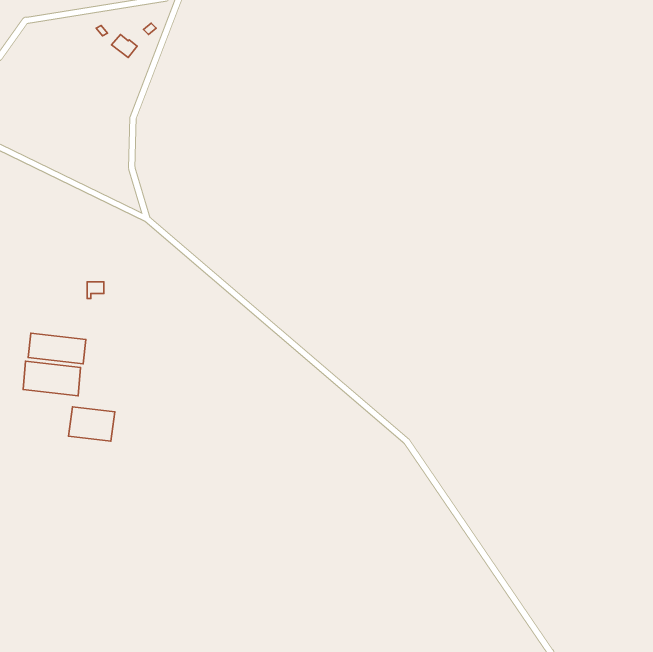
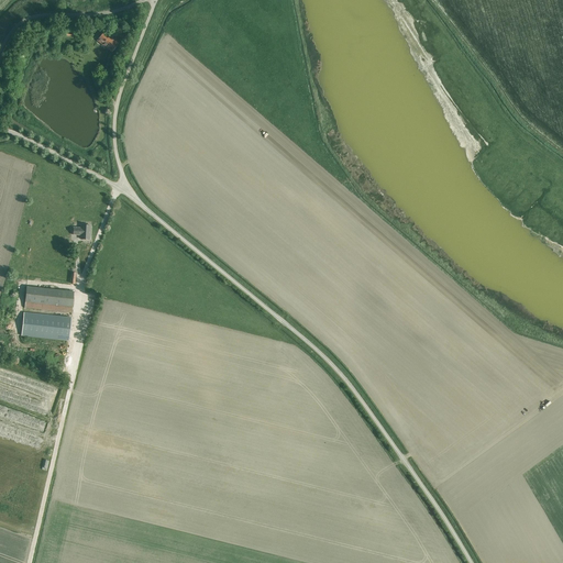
building: [68,407,115,441] -> none

